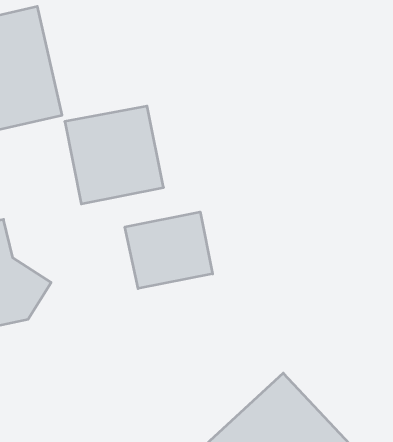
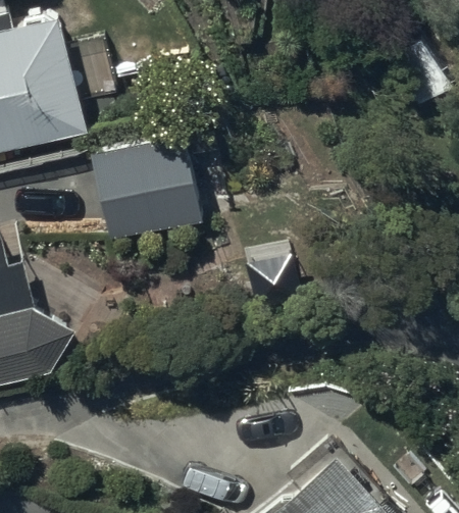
building: [125,212,213,289] -> none

